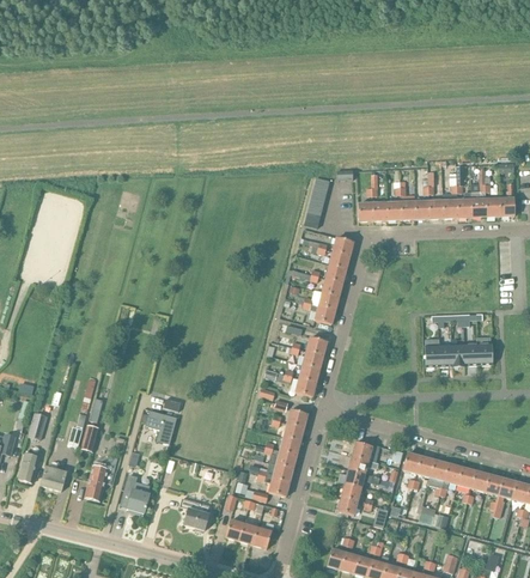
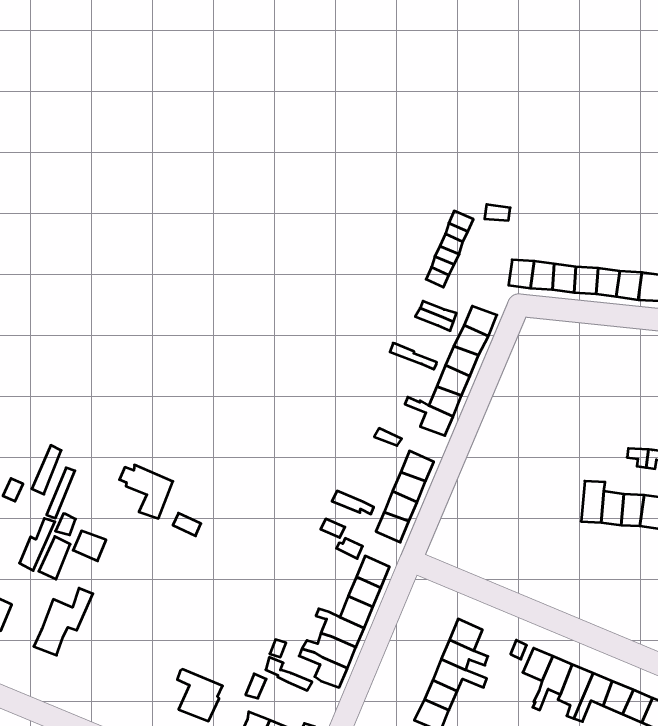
building: [140,410,175,443] -> [119,465,173,518]
building: [123,474,150,512] -> none

